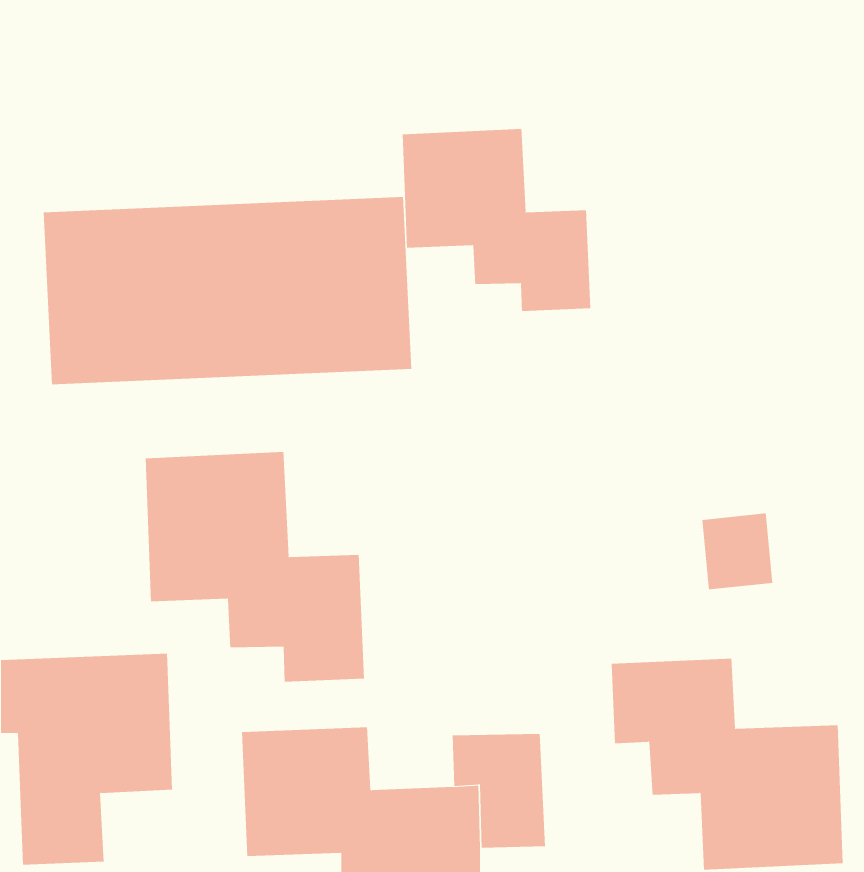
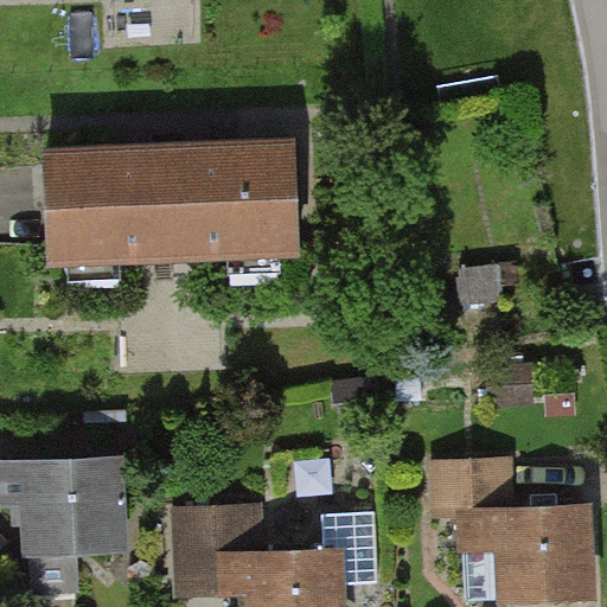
building: [402,128,591,312] -> none
building: [145,451,365,682] -> none

